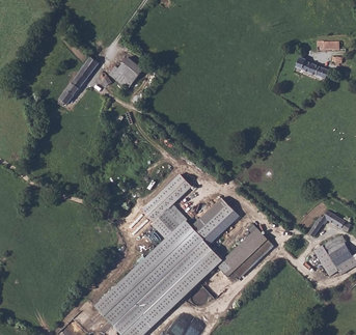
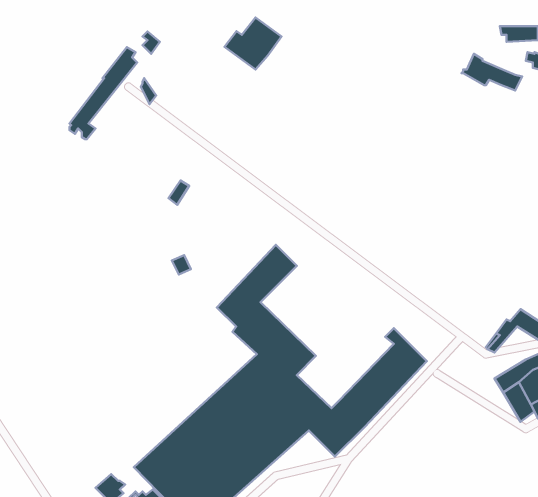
building: [107,57,141,88] -> [224,17,282,69]
building: [192,197,232,239] -> none

